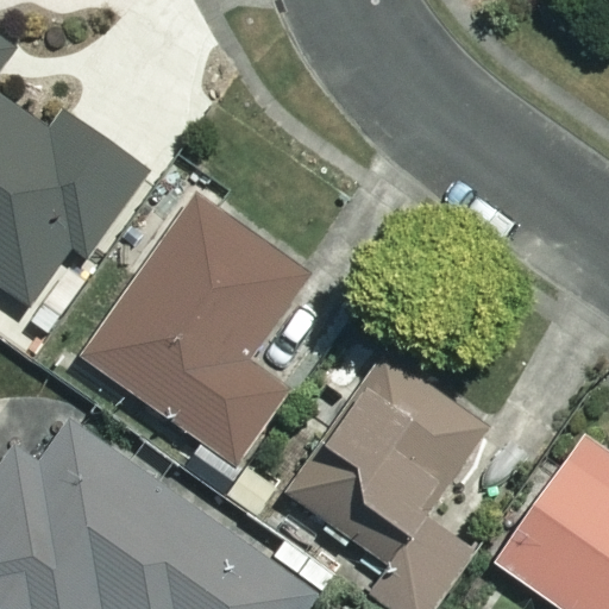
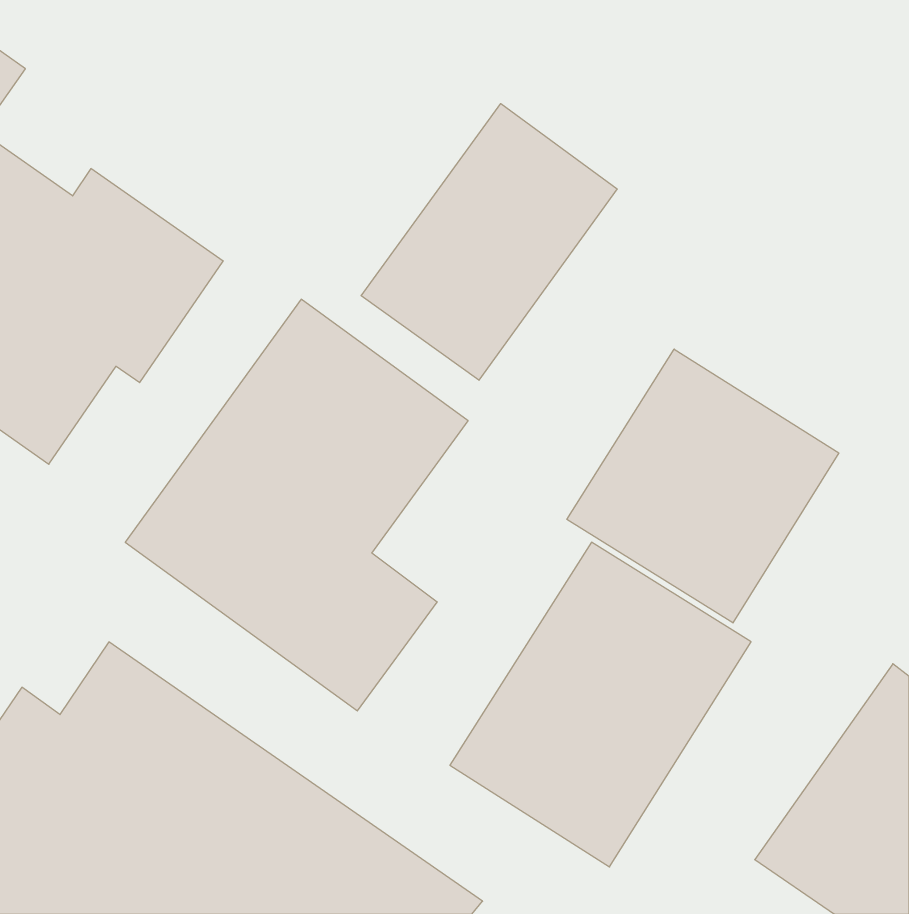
building: none -> [361,104,617,380]
building: none -> [567,349,839,623]

